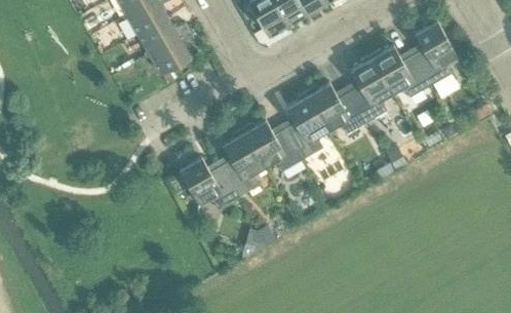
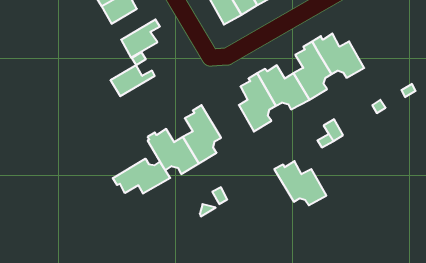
building: [137,17,189,53] -> [110,65,155,96]
building: [414,19,458,86] -> none
building: [242,120,303,171] -> [274,161,326,205]
building: none -> [113,159,170,194]

